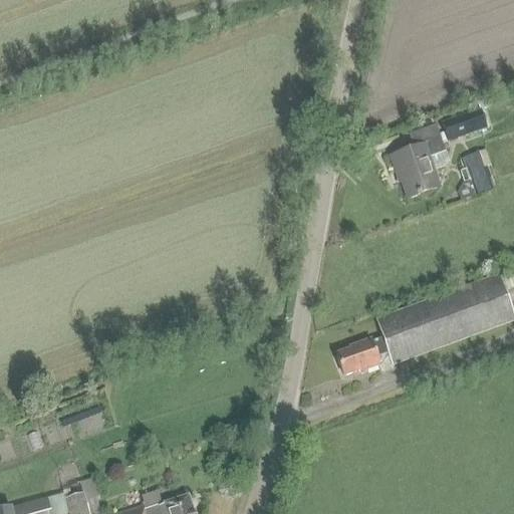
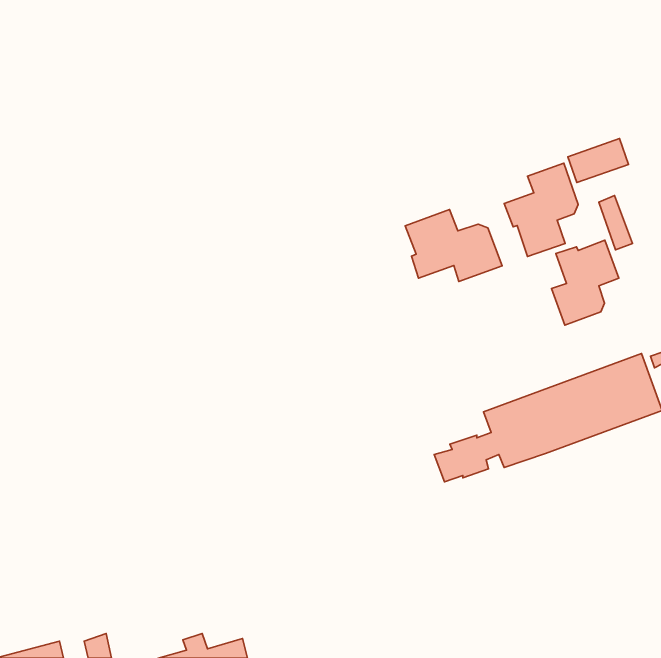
building: none -> [405,210,502,281]
building: none -> [552,240,619,325]

